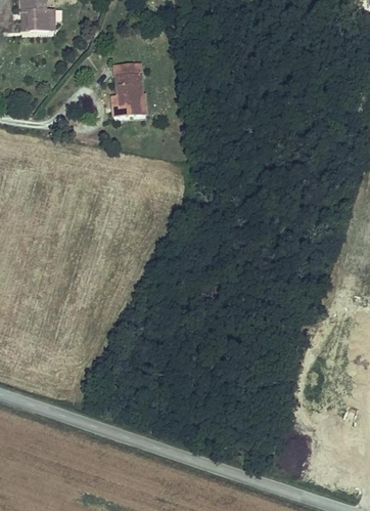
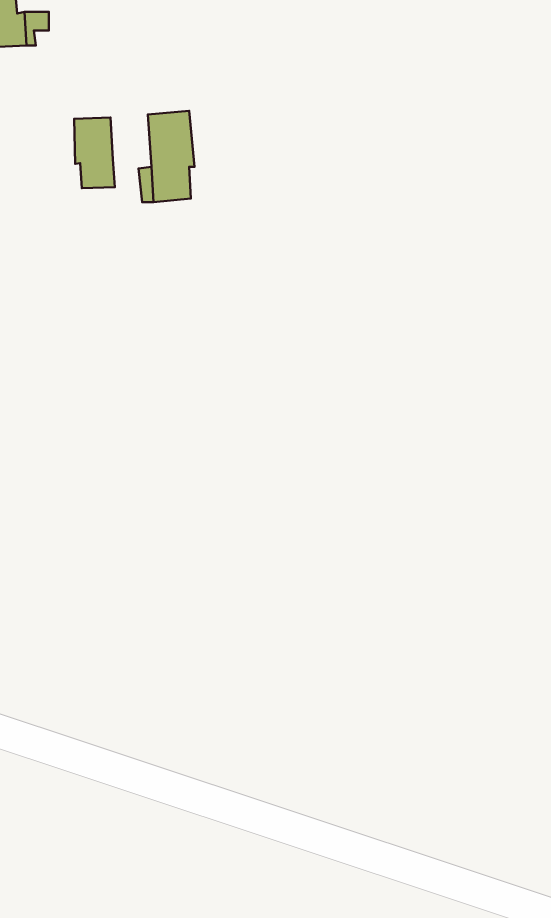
building: none -> [74,118,115,188]

